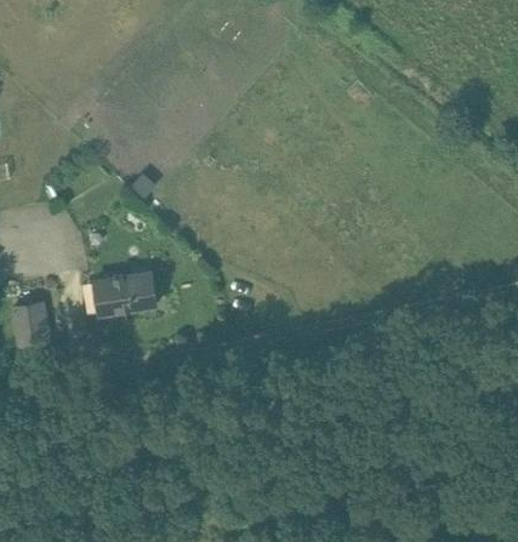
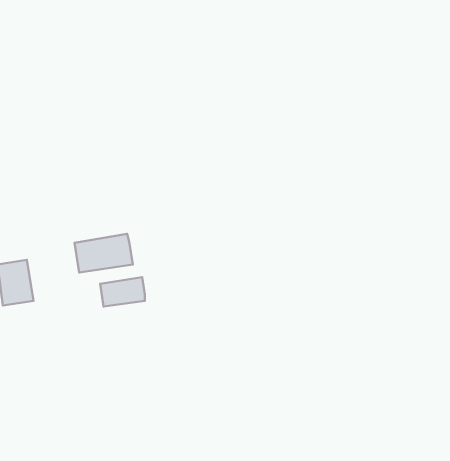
building: none -> [100,277,145,307]

